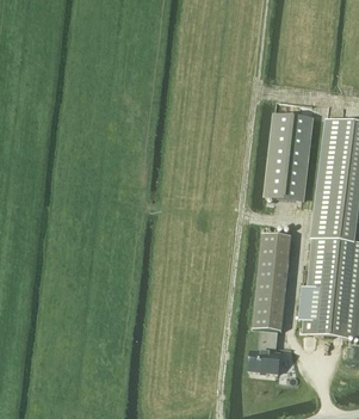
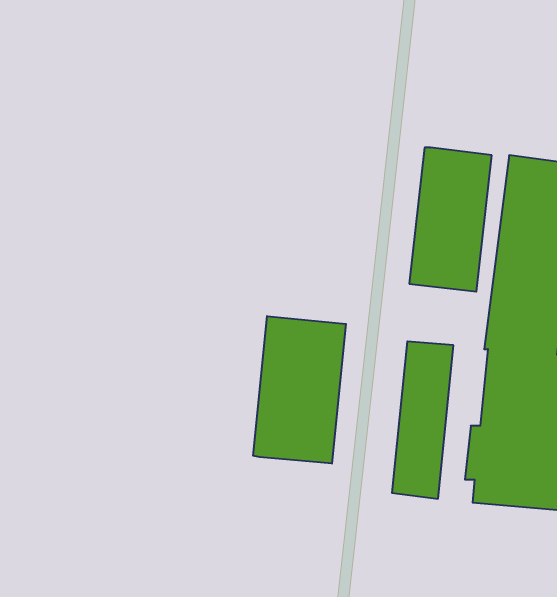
building: none -> [253,316,346,464]
building: [248,344,280,372] -> none

